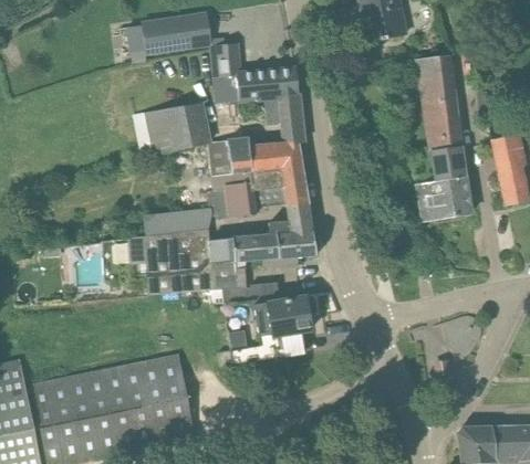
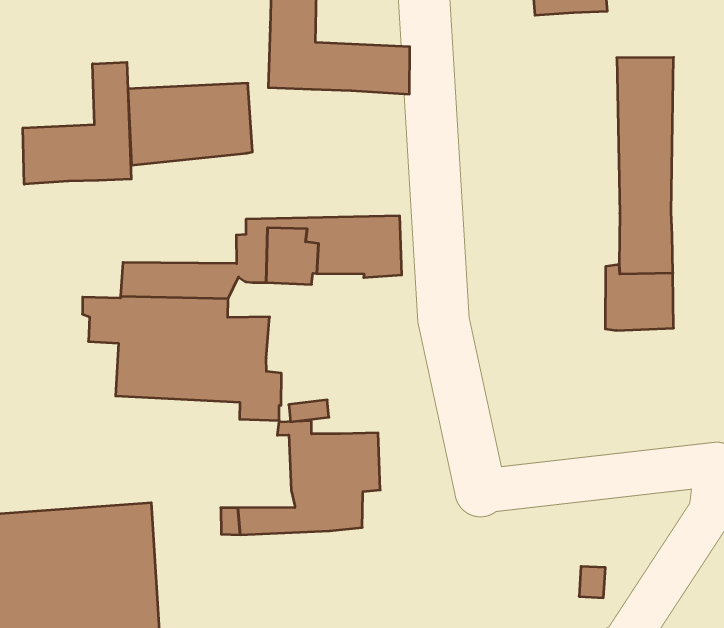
building: [264,96,302,125] -> none
building: none -> [23,62,131,184]
building: [208,137,303,175] -> none
building: [233,202,316,261] -> none

